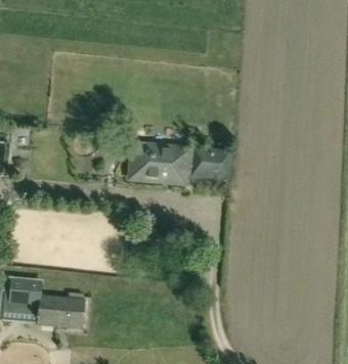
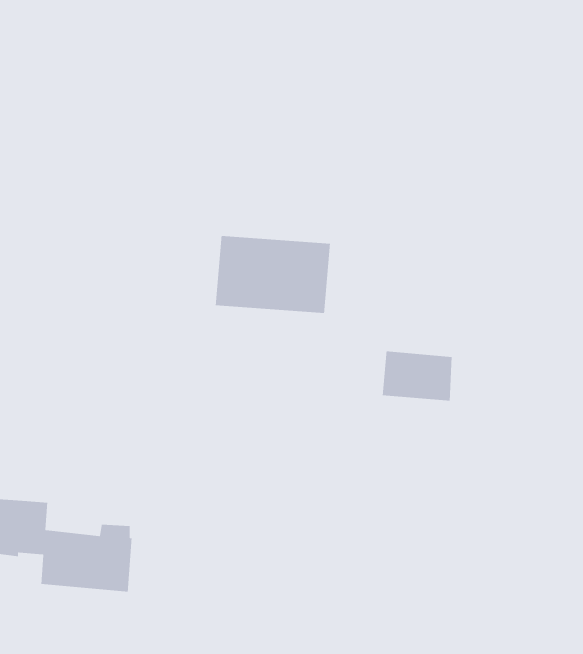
building: [189,150,226,177] -> [382,351,452,402]

